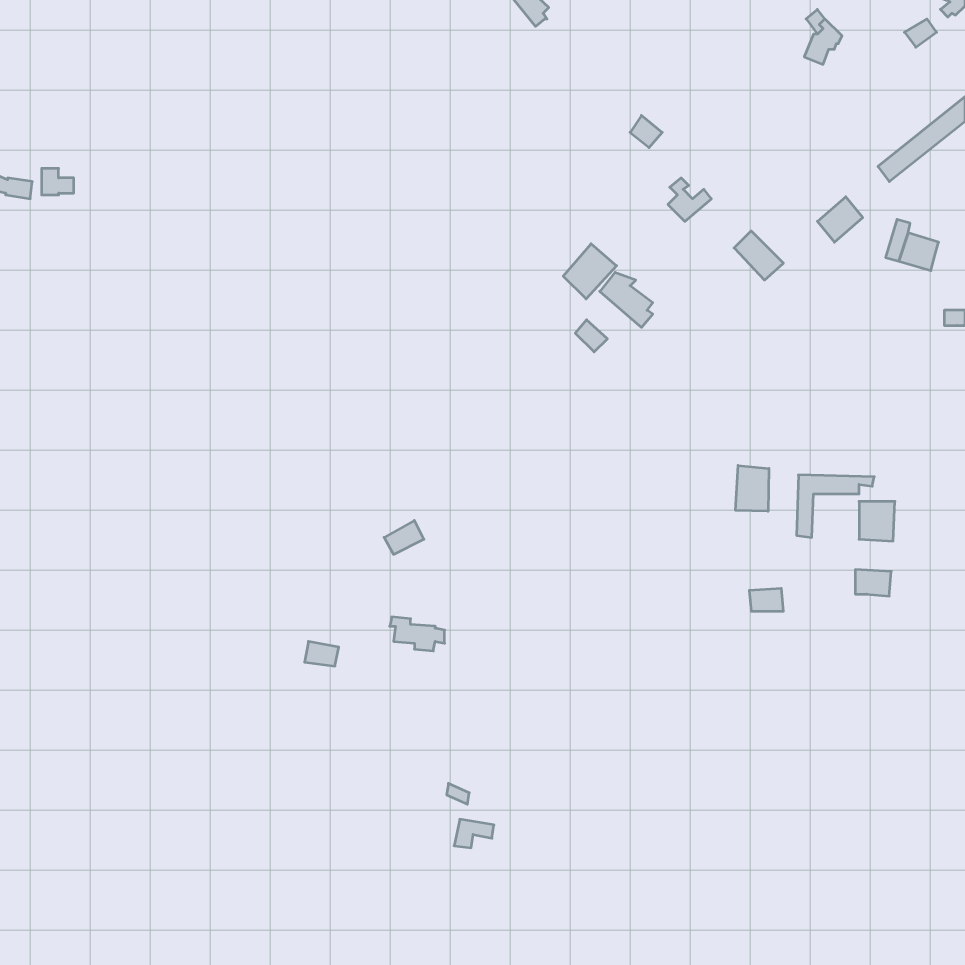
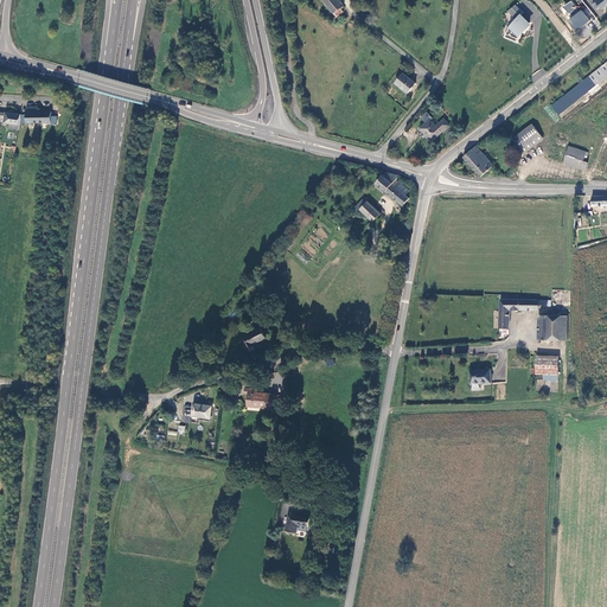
building: [563,244,617,299] -> none
building: [736,465,769,511] -> none

